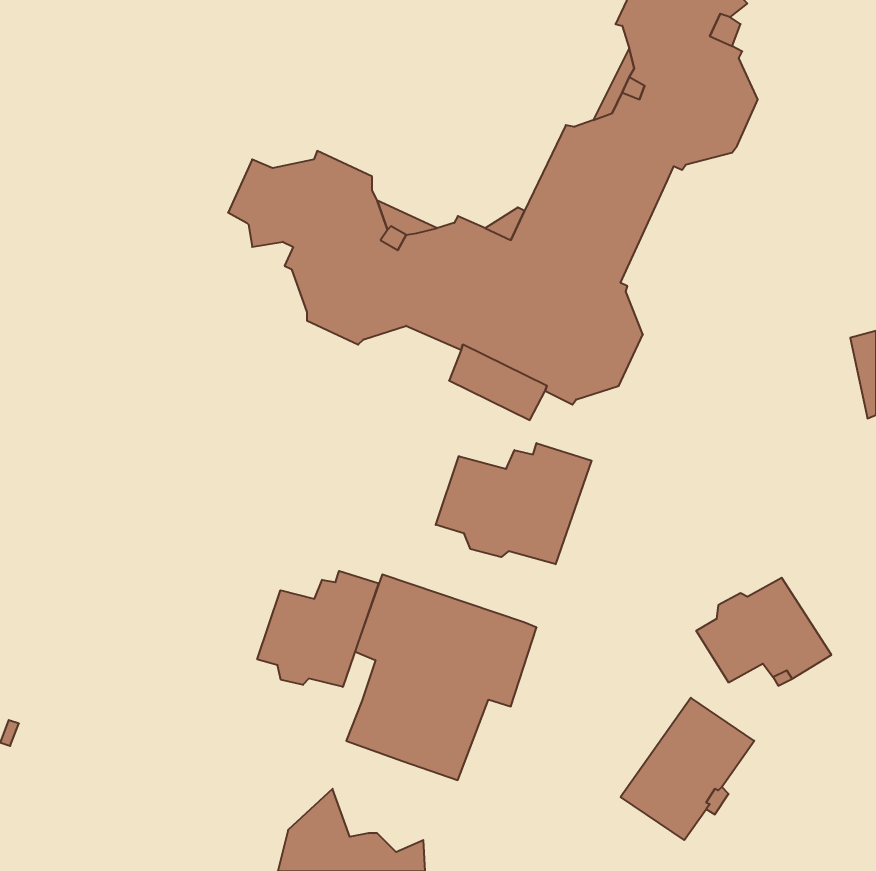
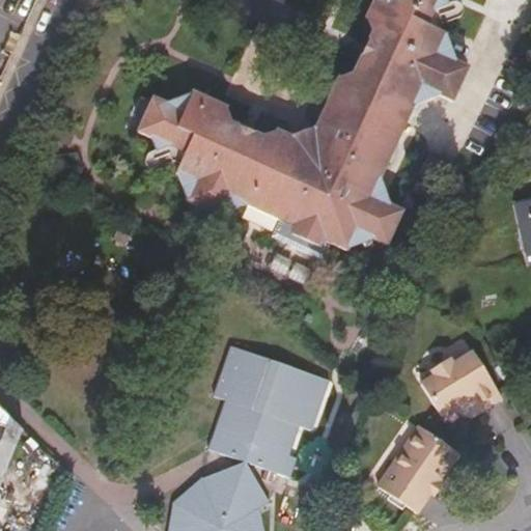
building: [436,443,592,564] -> none
building: [257,571,378,687] -> none
building: none -> [201,460,267,515]

